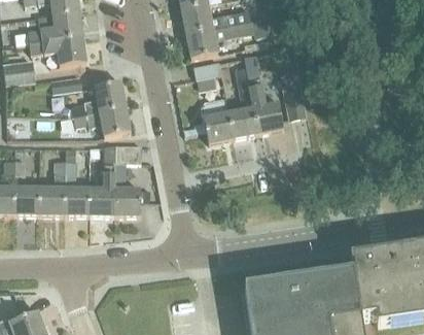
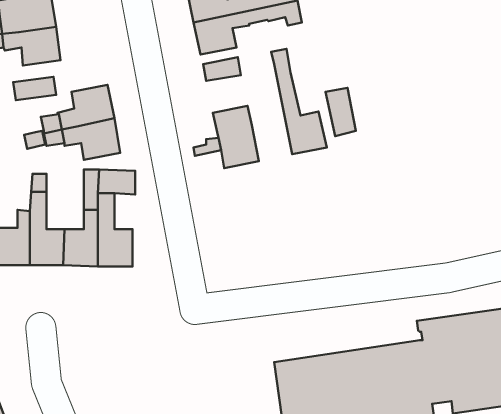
building: [228,66,258,138] -> none

